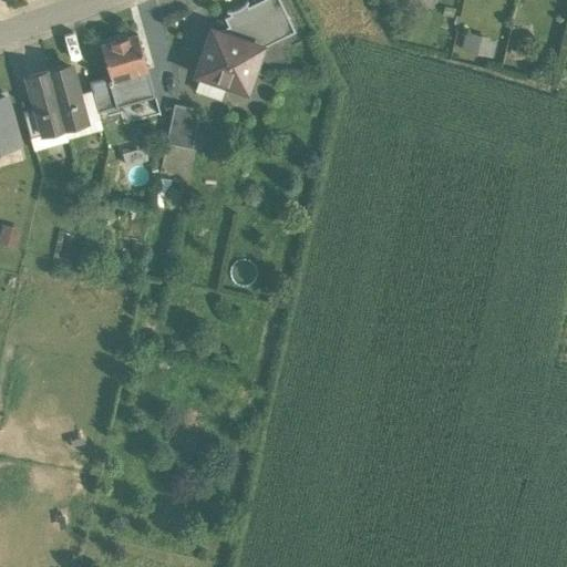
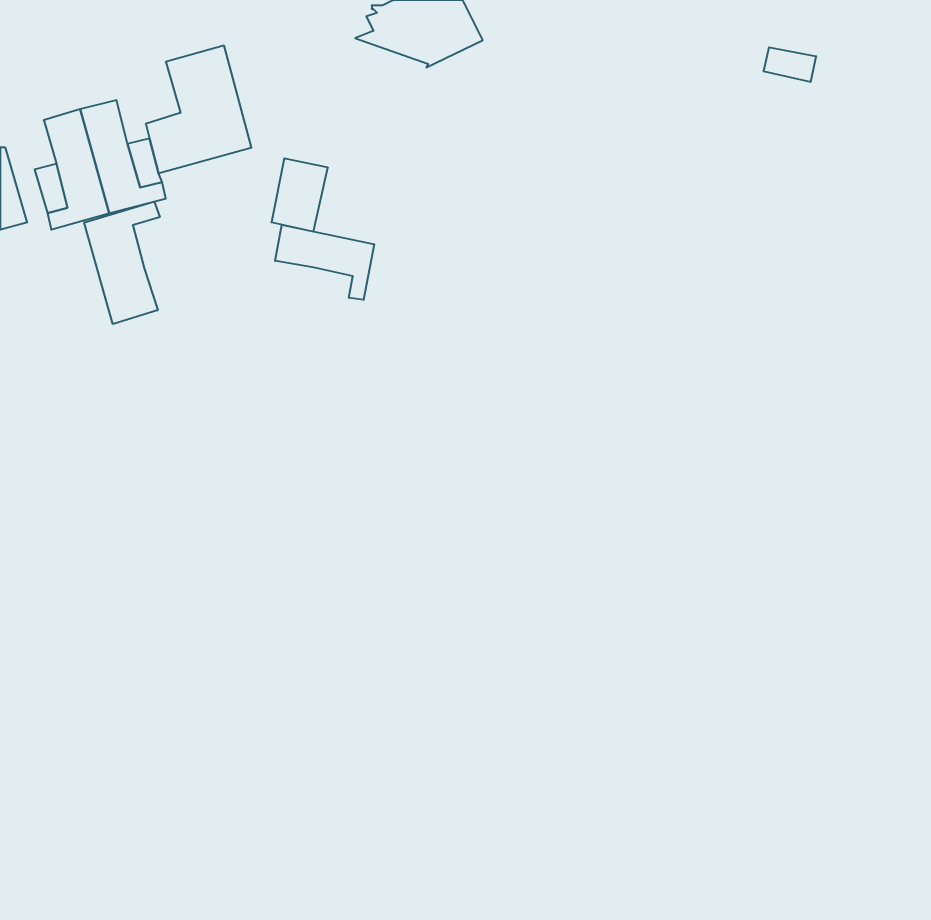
building: [196,30,260,90] -> none
building: none -> [84,202,160,324]
building: none -> [275,225,374,300]

